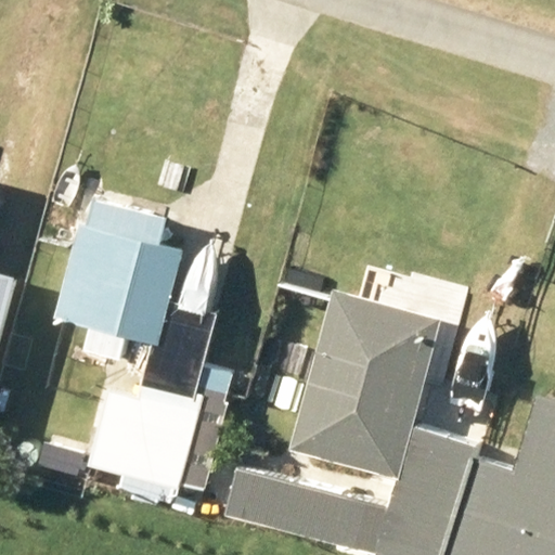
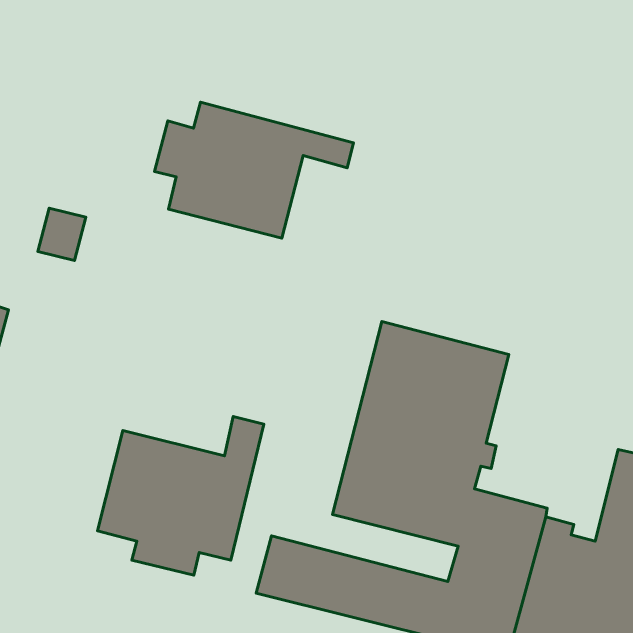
building: none -> [155,102,353,238]
building: [54,202,182,359] -> none

